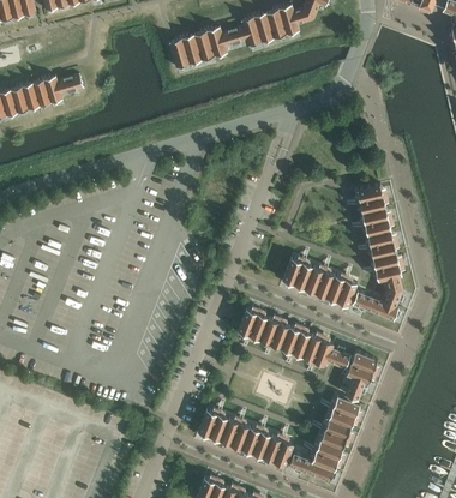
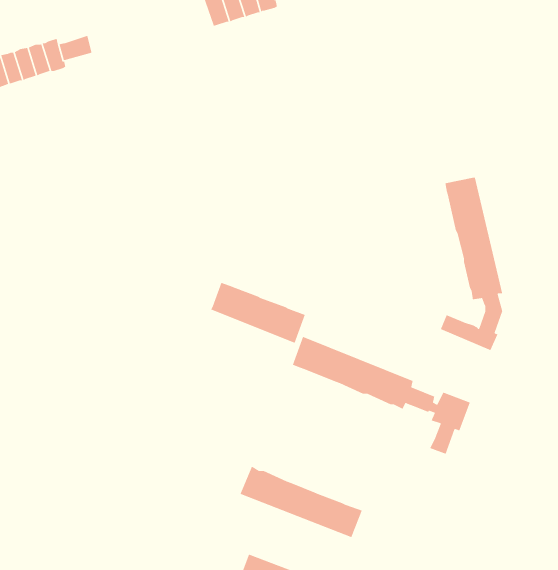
building: [282,259,356,307] -> [210,282,306,344]
building: [288,397,359,484] -> none

